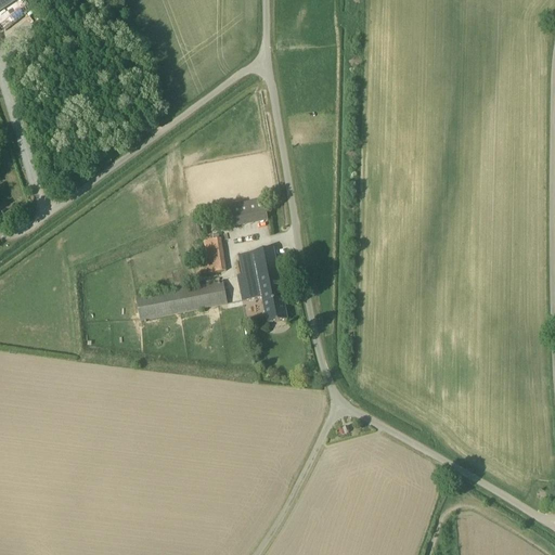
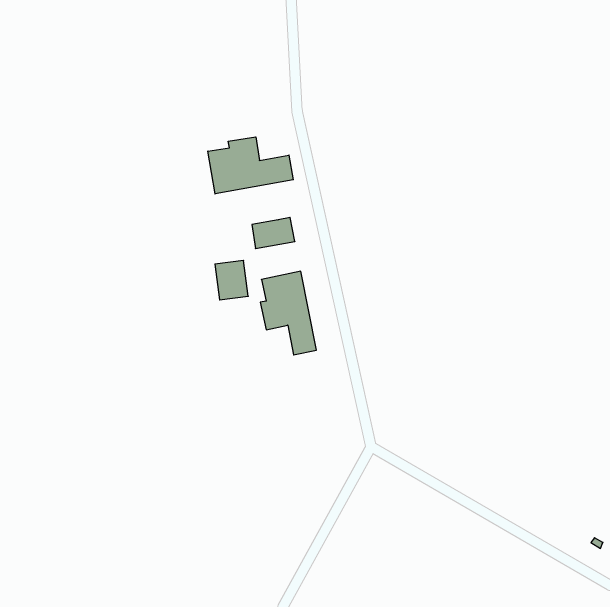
building: none -> [208,137,293,194]
building: [135,280,228,320] -> none

